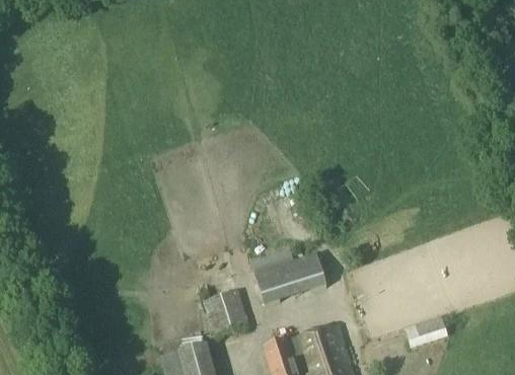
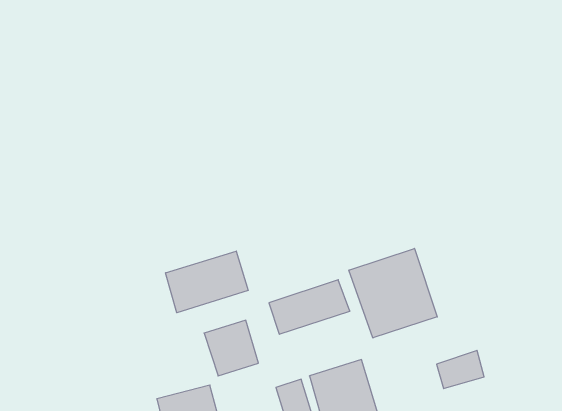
building: none -> [349,248,437,338]
building: none -> [166,251,248,313]

